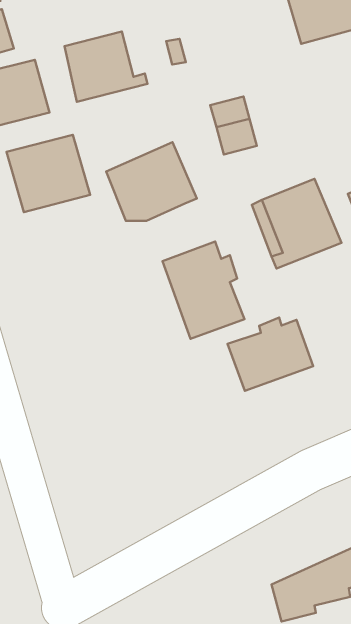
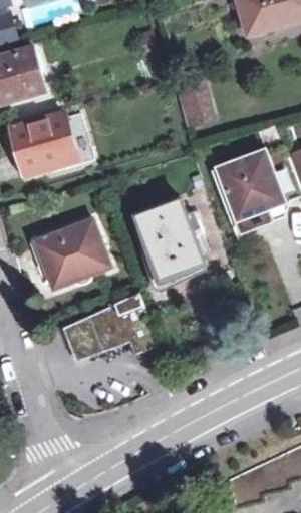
building: [65,32,148,102] -> none
building: [106,142,197,221] -> [35,219,109,284]
building: [228,318,313,391] -> none
building: none -> [62,299,158,359]

